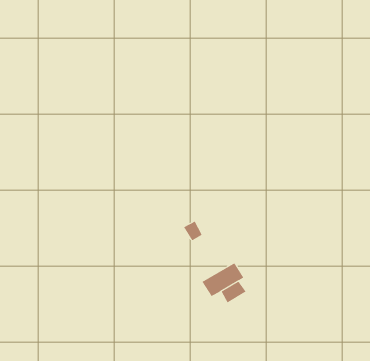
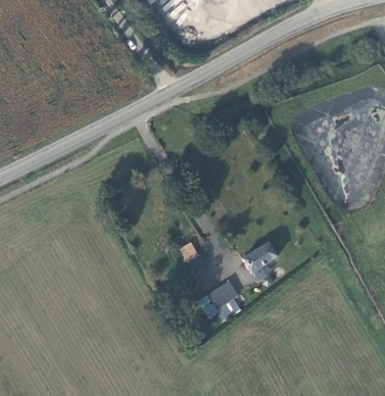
building: none -> [250,246,284,276]

